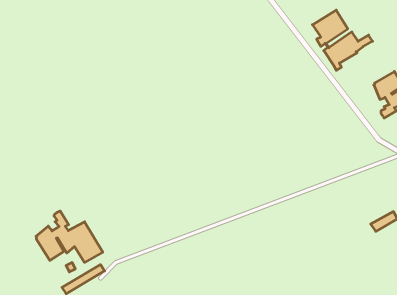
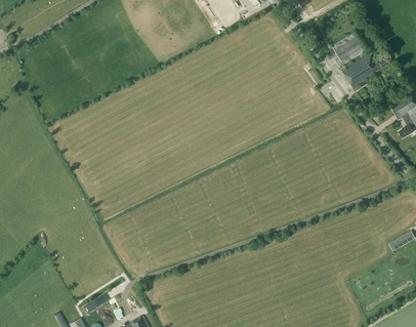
building: [36,211,103,262] -> none

